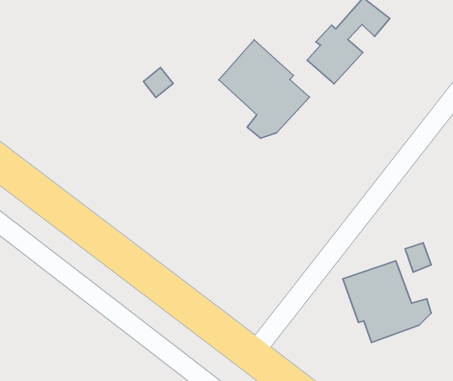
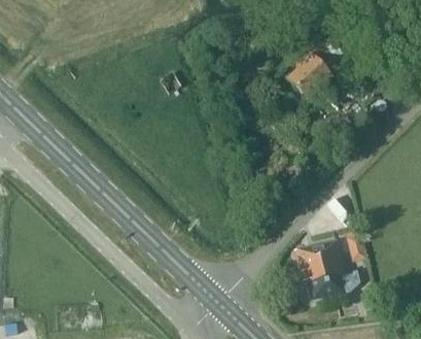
building: [219,40,309,138] -> none

